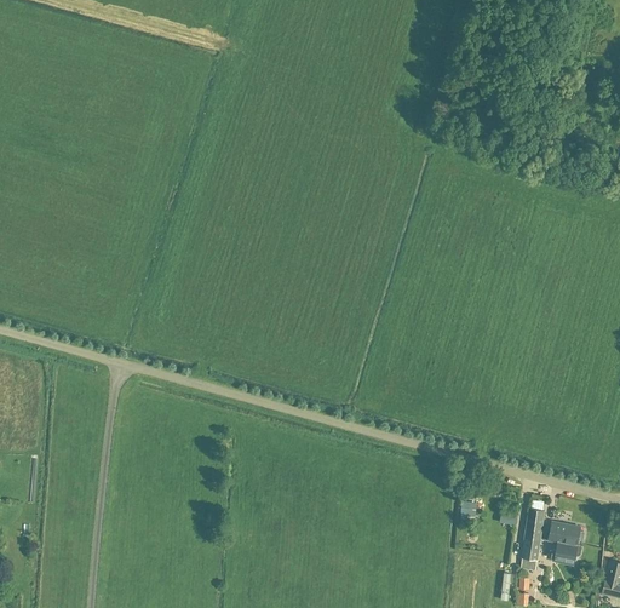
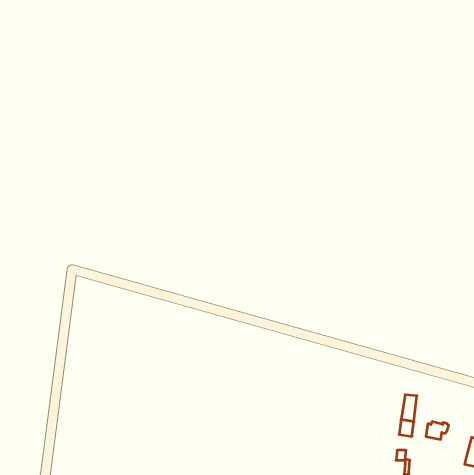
building: [549,521,585,543] -> none

